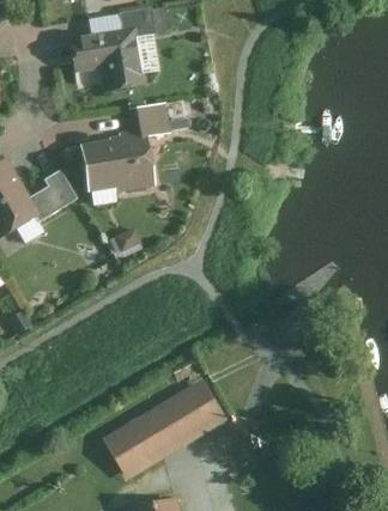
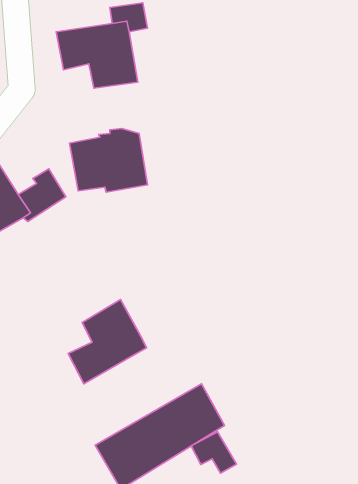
building: [125,99,168,133] -> none
building: none -> [68,300,146,384]
building: none -> [191,432,236,473]

